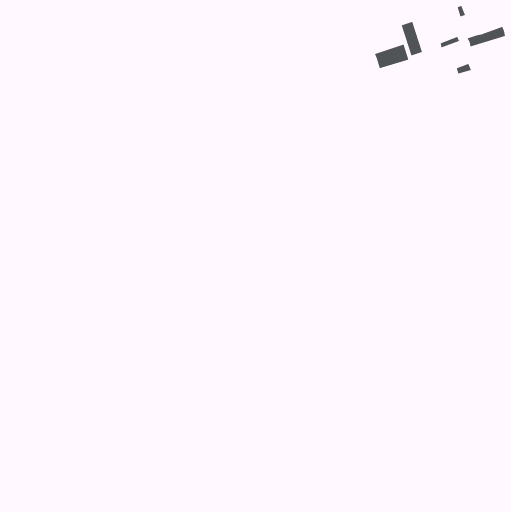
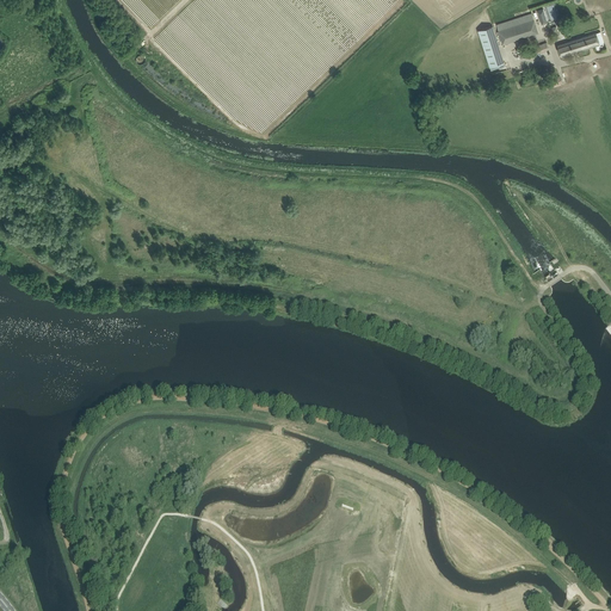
building: [374,44,409,69] -> [495,13,537,43]

